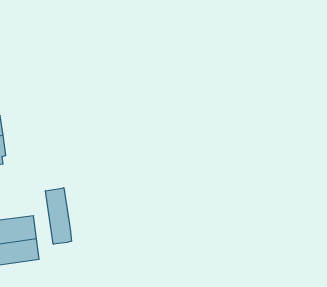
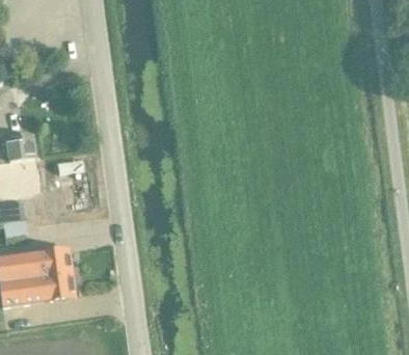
building: [46,188,71,244] -> none

